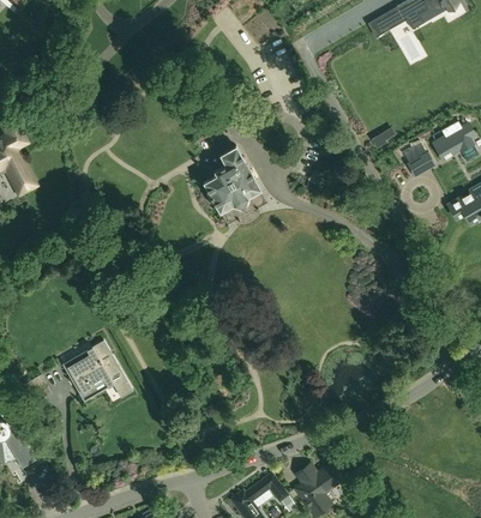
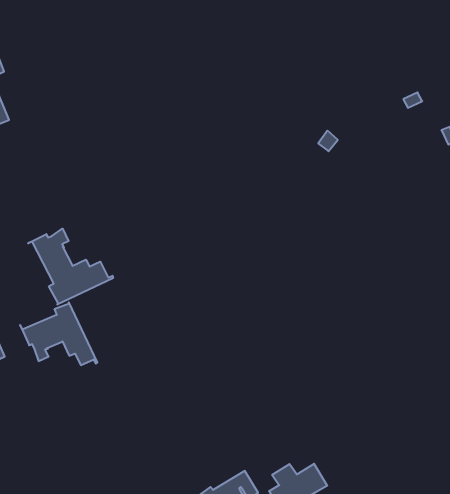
building: [202,147,259,212] -> none
building: none -> [28,229,113,305]

